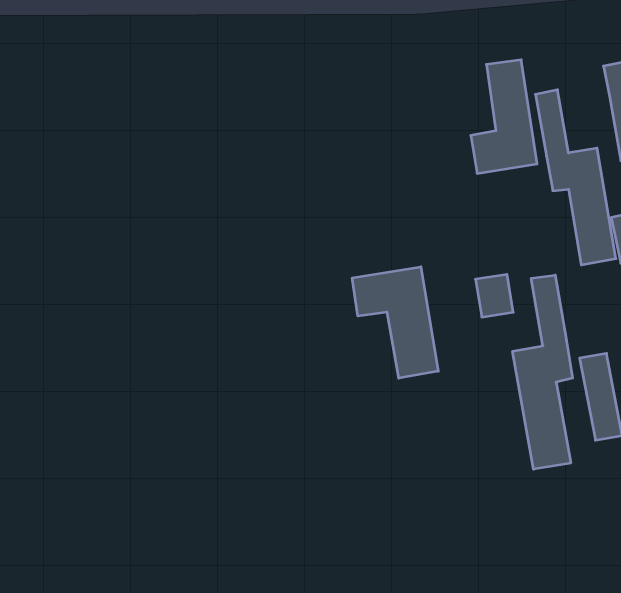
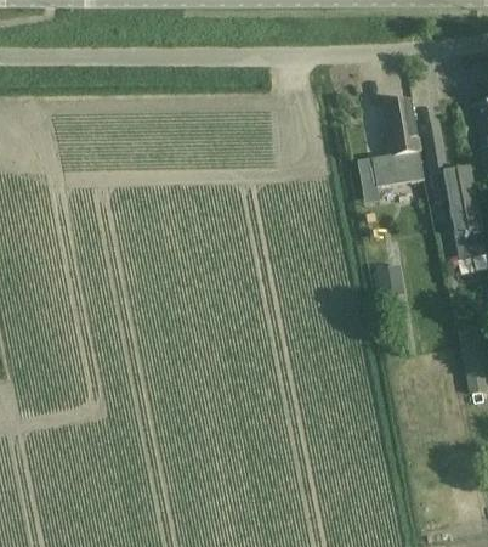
building: [352,267,438,378] -> none
building: [513,275,573,469] -> none

